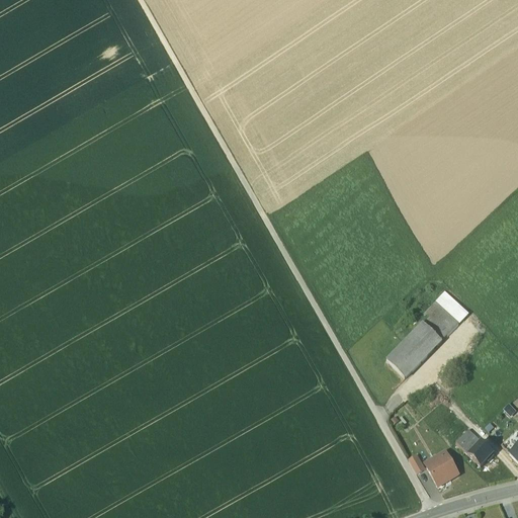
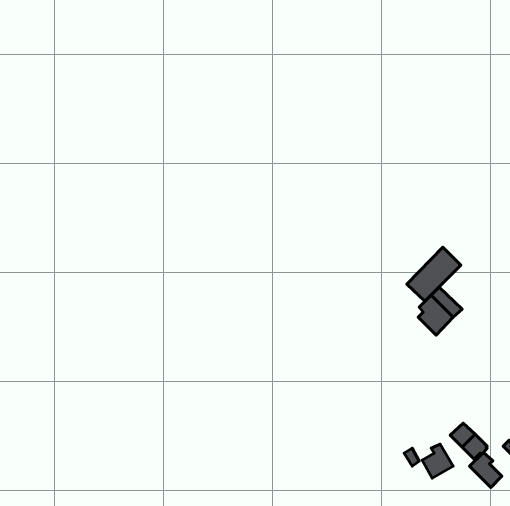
building: [387,321,442,375] -> [407,247,461,301]
building: none -> [469,453,502,488]

